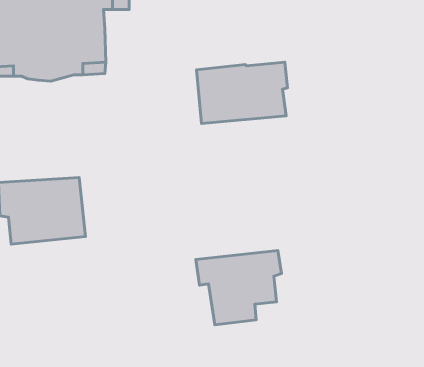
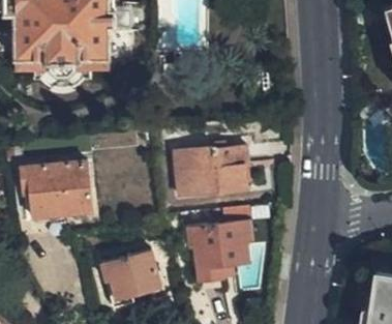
building: [196,62,287,124] -> [174,148,247,198]
building: none -> [101,254,158,305]

